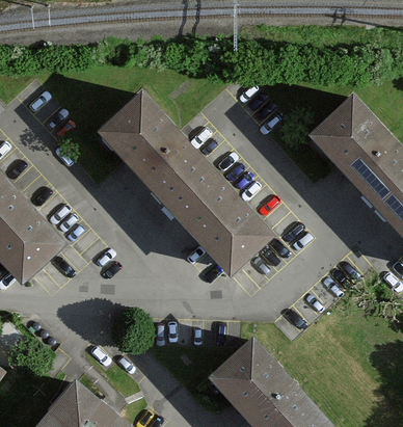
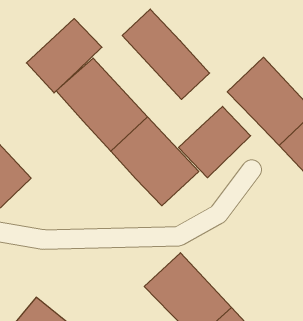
building: none -> [122,9,210,99]
building: none -> [26,19,102,93]
building: none -> [179,106,251,178]

